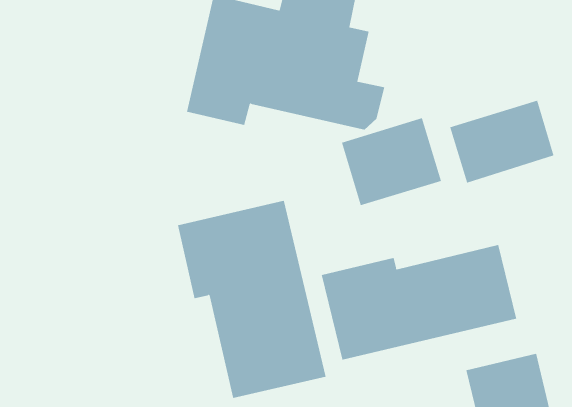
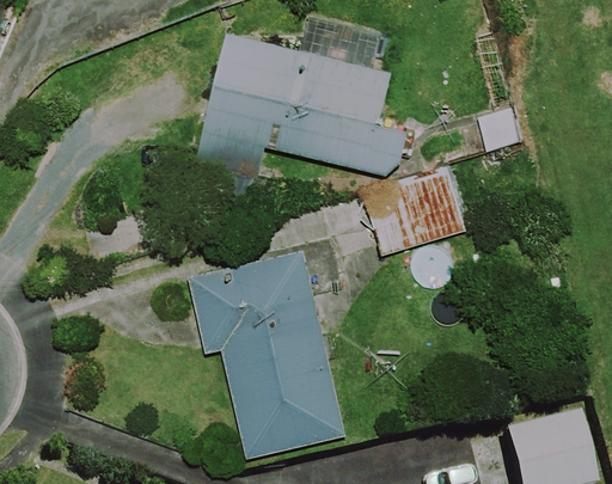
building: [450,100,554,183] -> none
building: [321,244,517,361] -> none

